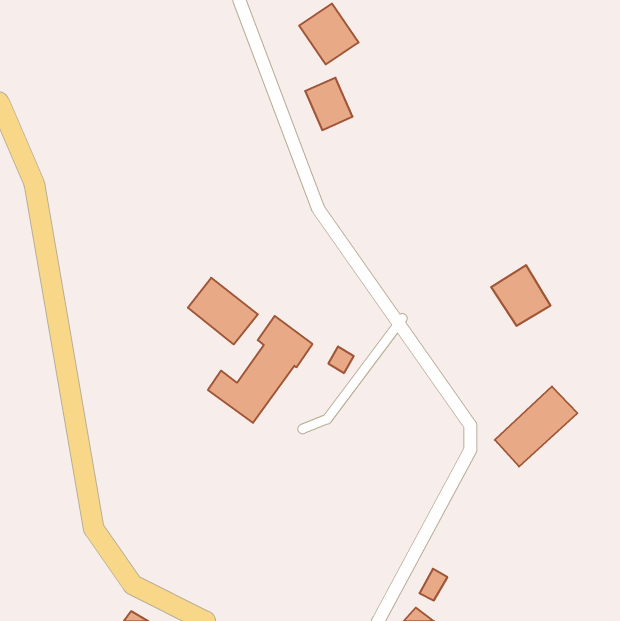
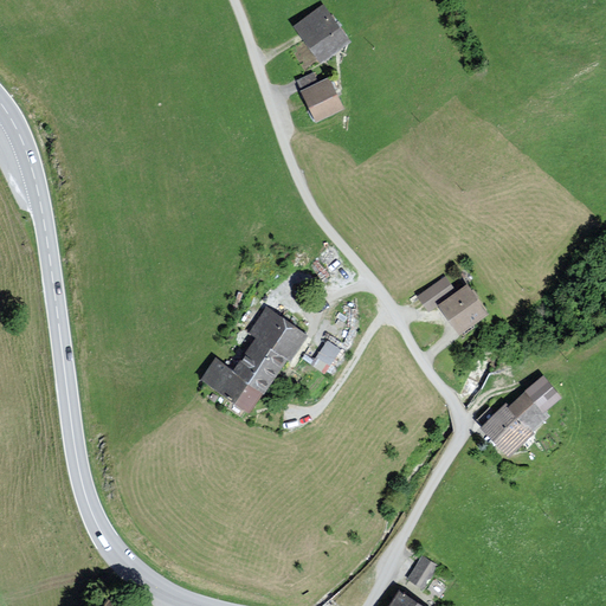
building: [491,265,551,326] -> [428,276,486,335]
building: [188,278,258,344] -> none

